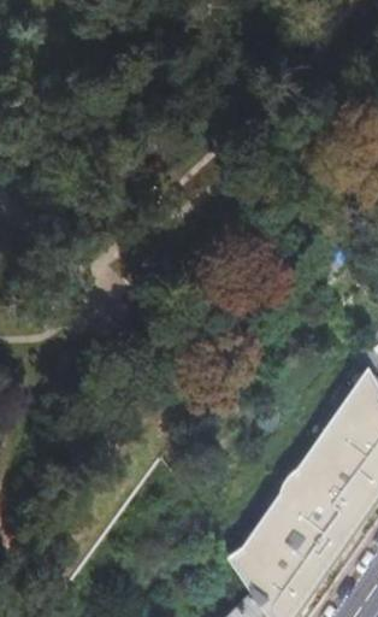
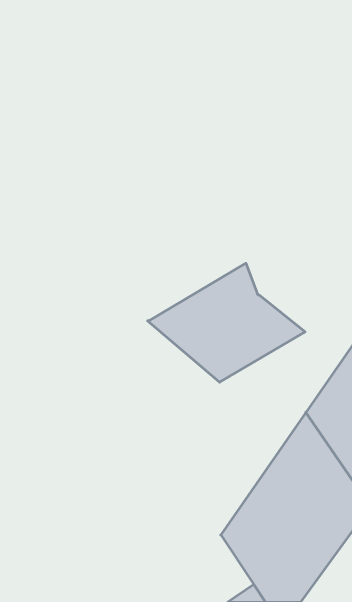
building: none -> [148,263,305,382]

